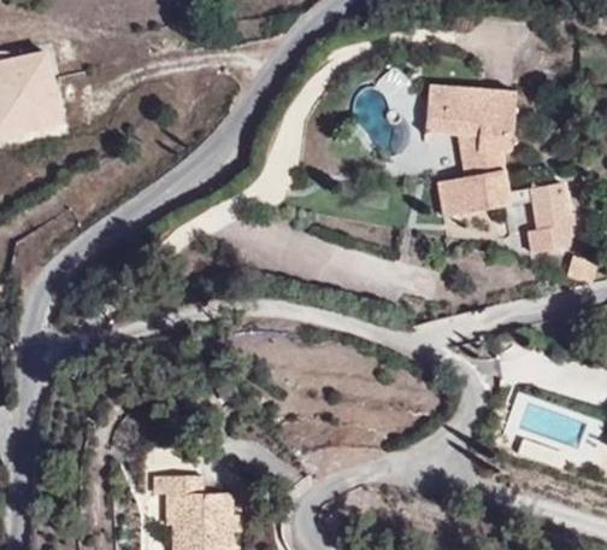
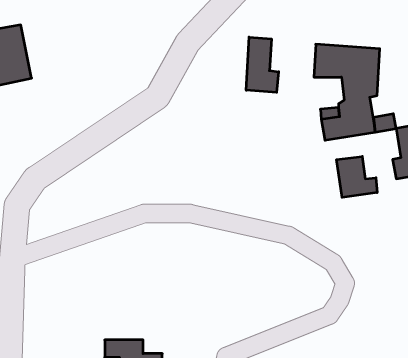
building: none -> [246,37,279,92]
building: none -> [337,156,377,197]

